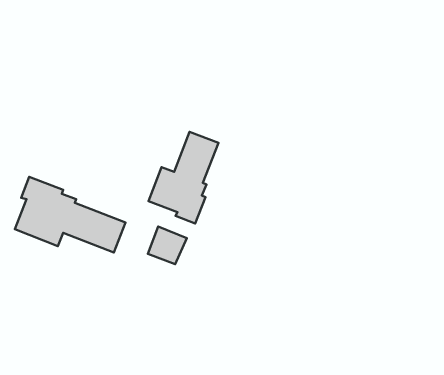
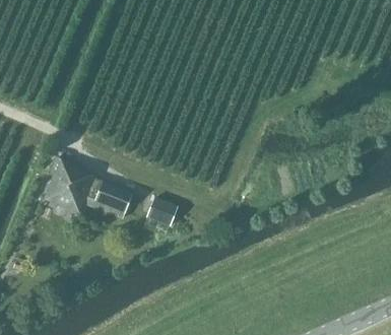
building: [149,132,218,224] -> none

